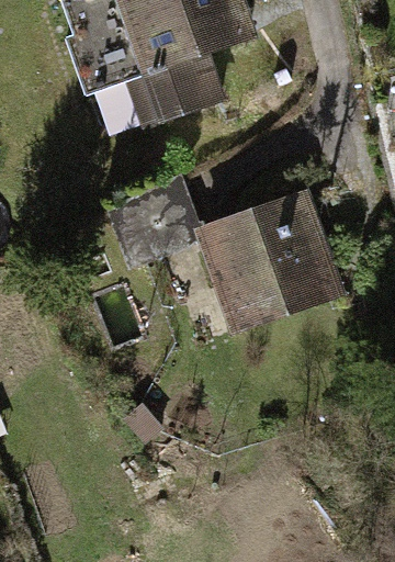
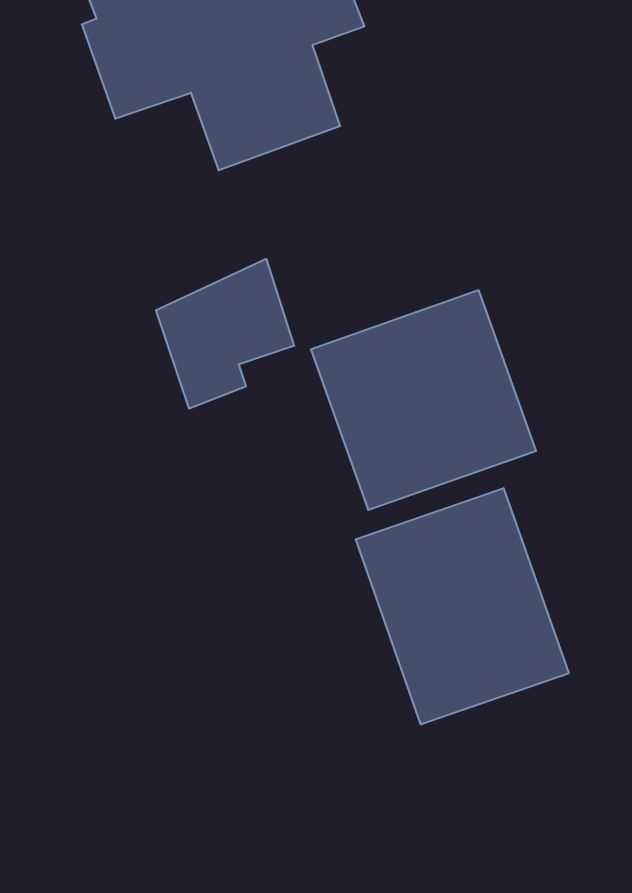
building: none -> [356,488,569,725]

